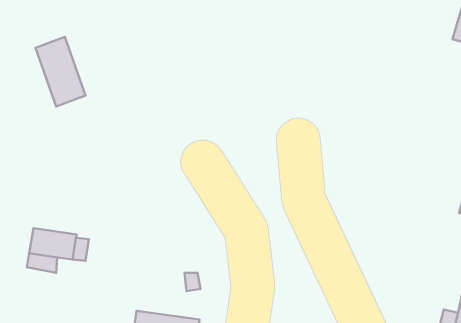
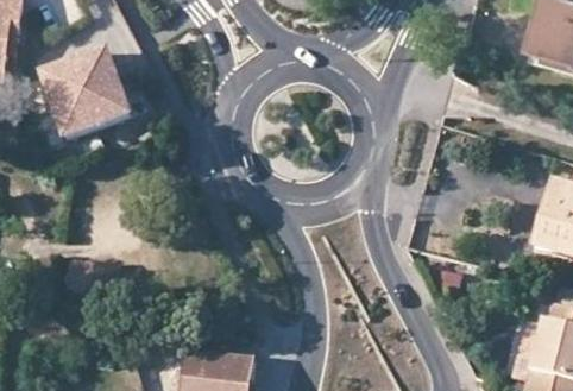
building: none -> [39,59,94,135]

